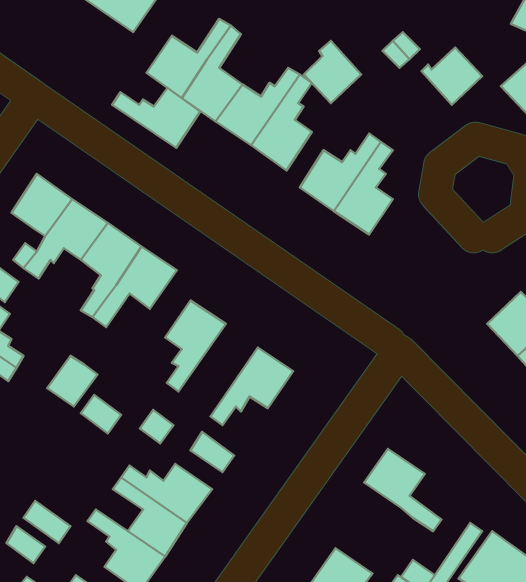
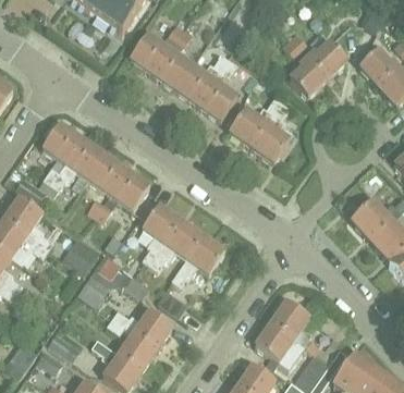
building: [304,41,361,103] -> [290,54,327,95]
building: [112,88,200,148] -> none
building: none -> [150,218,201,266]
building: none -> [255,320,294,359]

